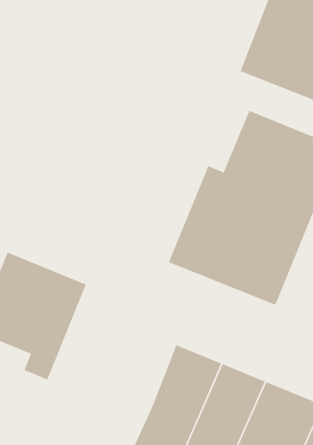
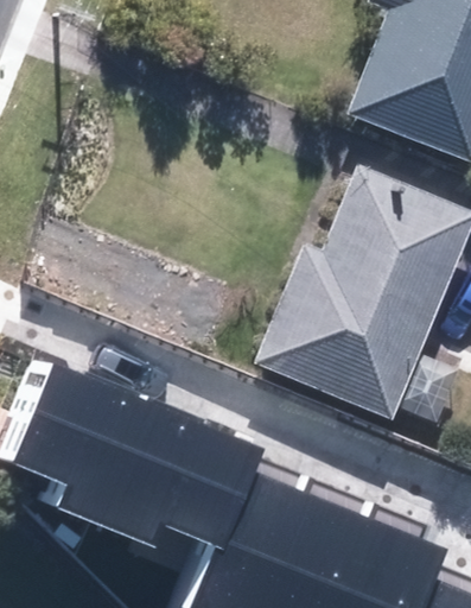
building: none -> [95,394,274,551]

